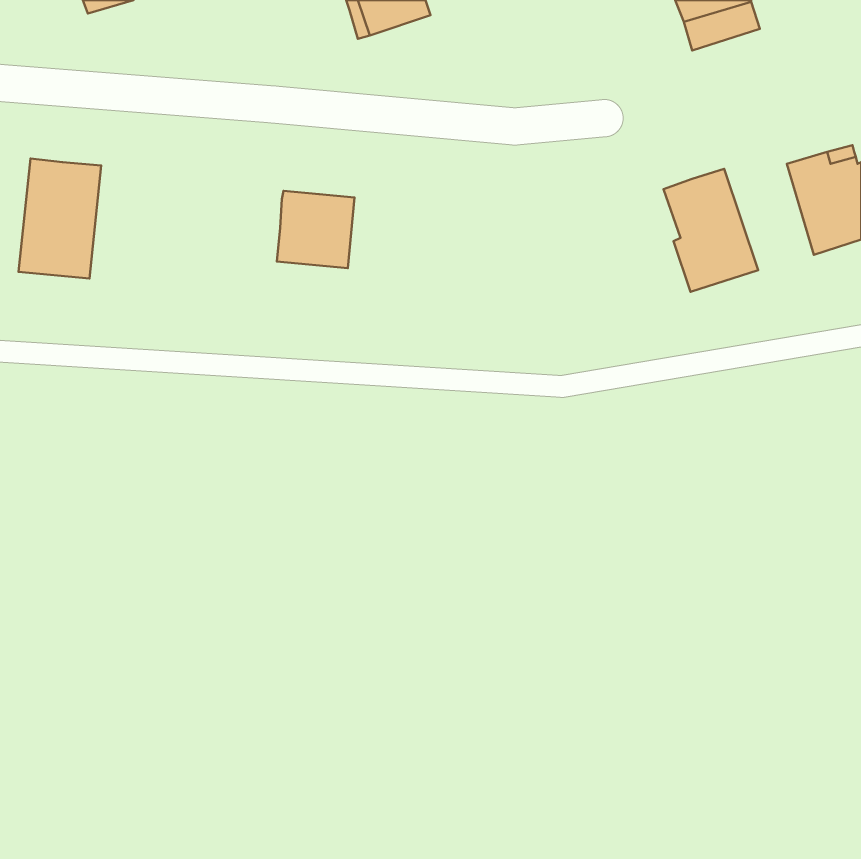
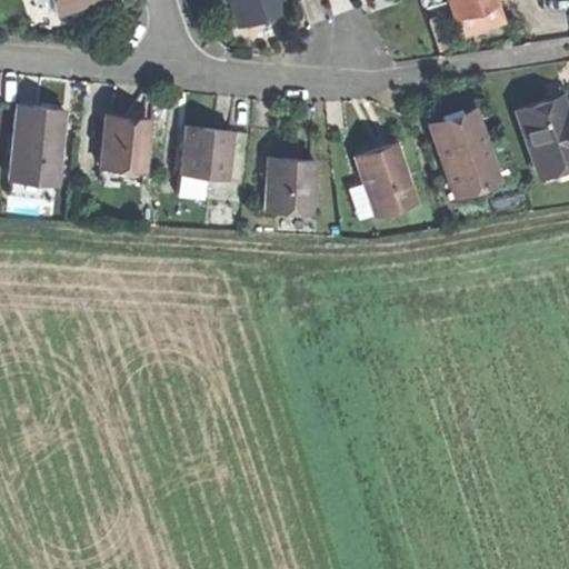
building: none -> [103,117,150,170]
building: none -> [356,142,416,212]
building: none -> [268,159,320,214]

